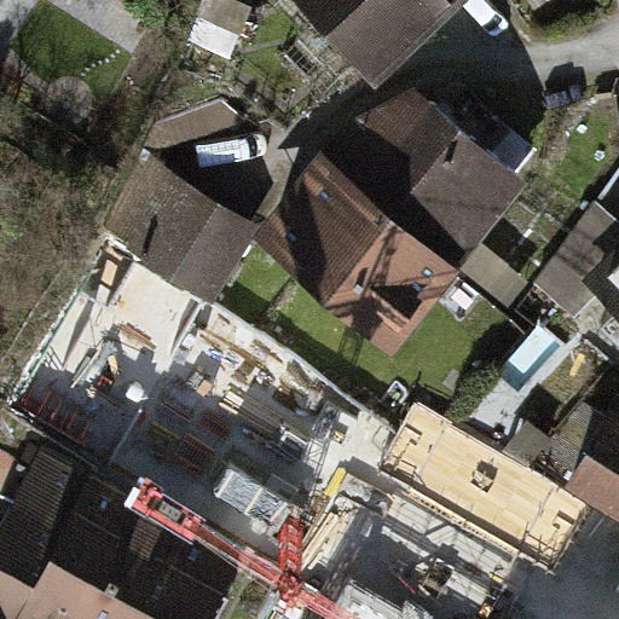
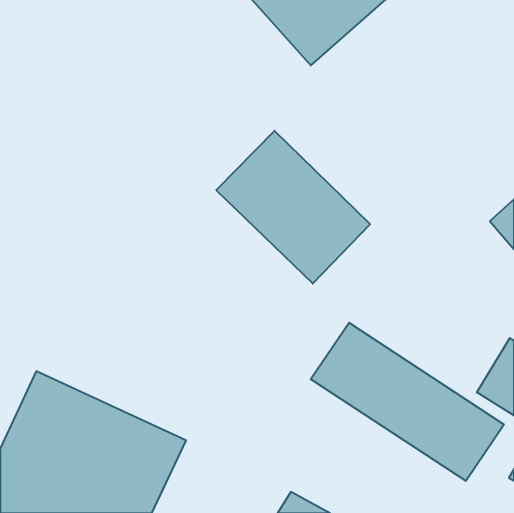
building: [330,86,515,270] -> none
building: [131,170,248,287] -> none

